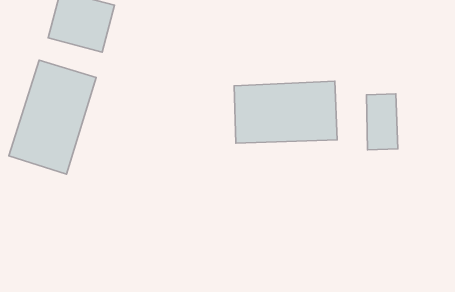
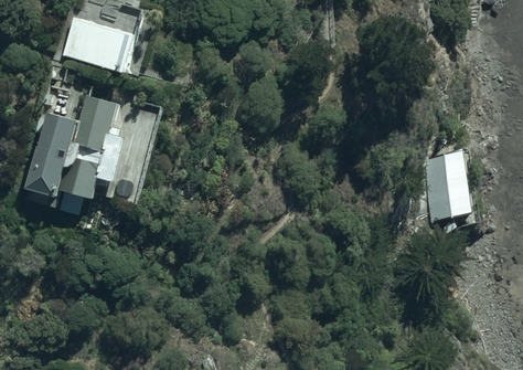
building: [234,81,337,143] -> none

